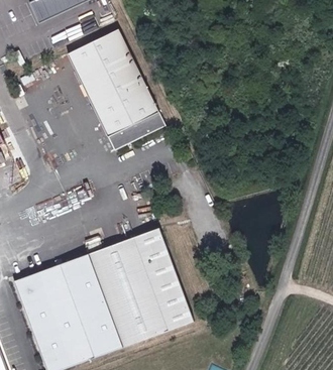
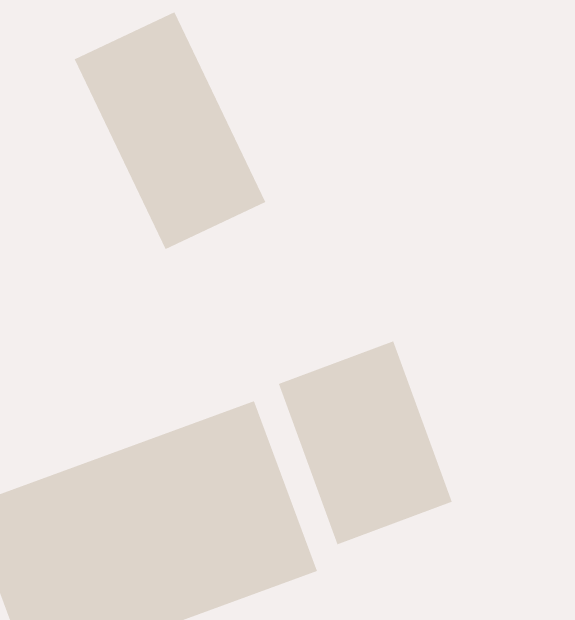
building: none -> [278,341,453,545]

